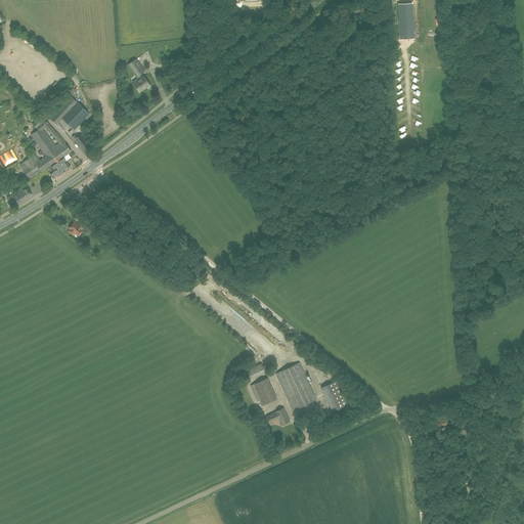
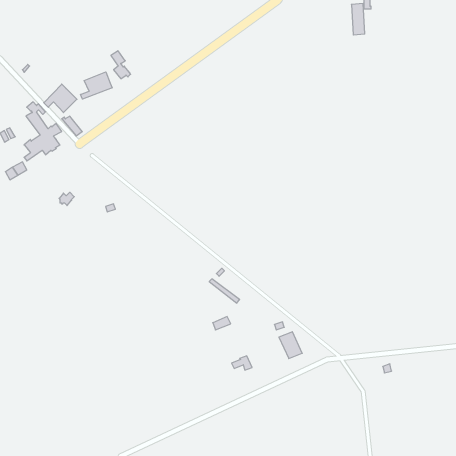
building: none -> [81,72,112,99]
building: [275,361,315,409] -> none
building: [250,377,275,405] -> none

